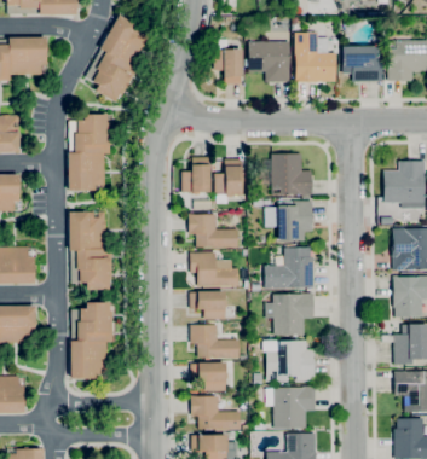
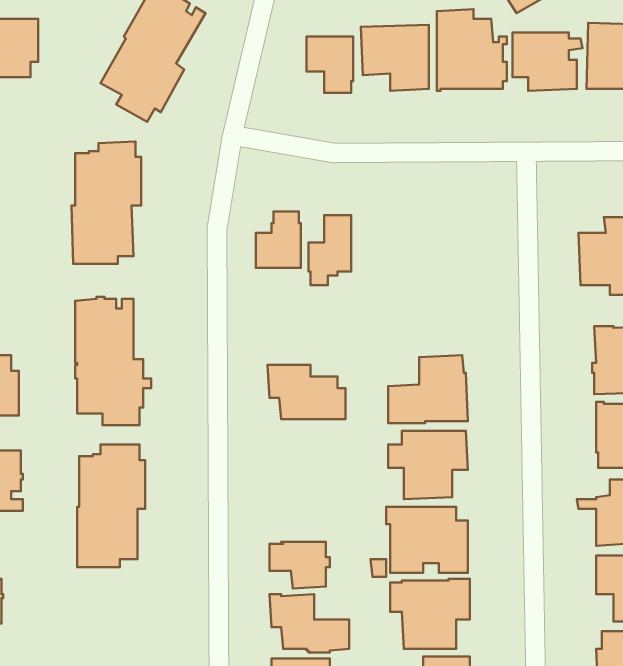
building: [272,153,312,194] -> none
building: [265,201,312,240] -> none
building: [189,213,238,248] -> none
building: [190,290,227,319] -> none
building: [191,325,240,360] -> none

